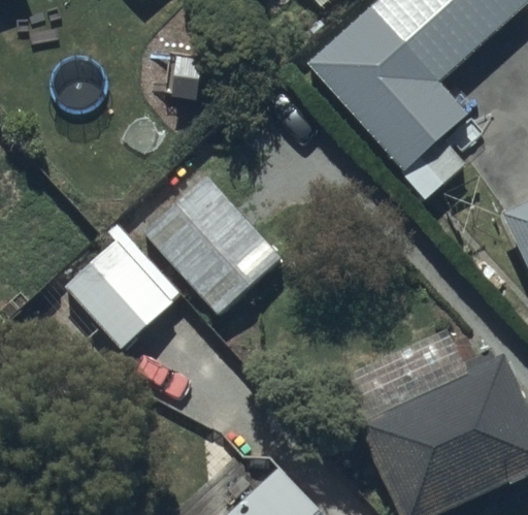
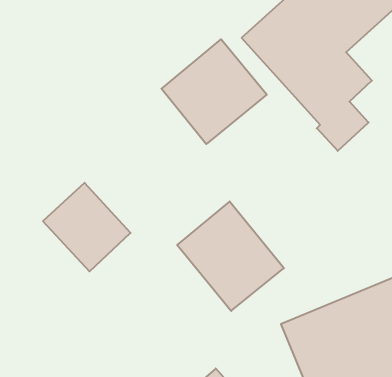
building: none -> [161,39,267,144]
building: [146,175,278,311] -> [177,201,284,311]

